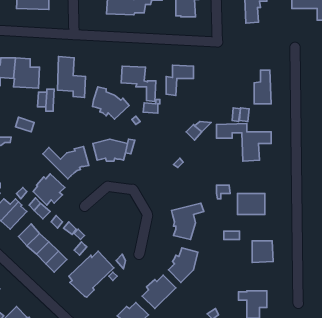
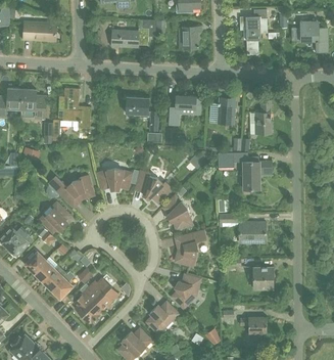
building: none -> [217,97,235,124]
building: [92,87,129,119] -> [135,170,171,201]
building: none -> [162,194,191,229]

